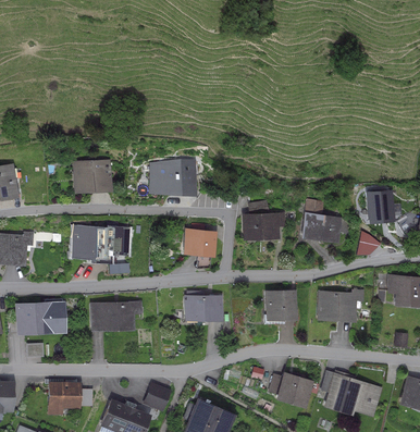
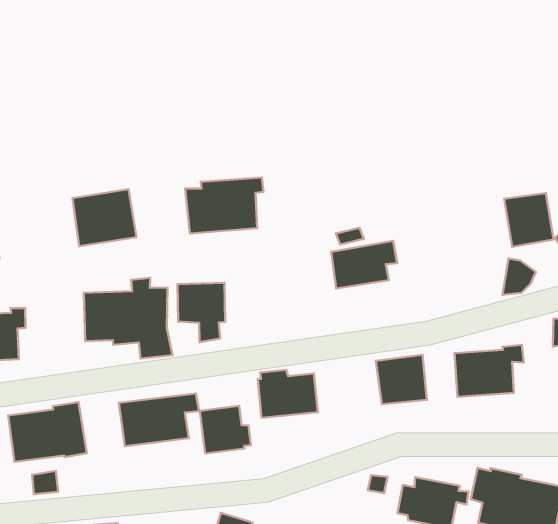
building: [301,199,343,242] -> none
building: [184,229,218,269] -> [178,283,225,342]
building: none -> [200,406,251,453]

